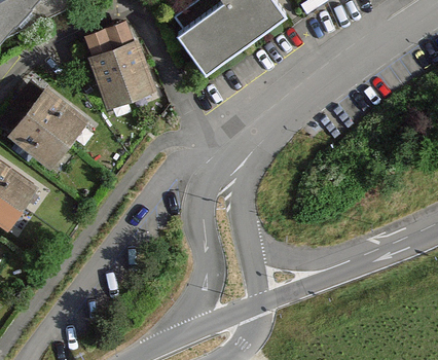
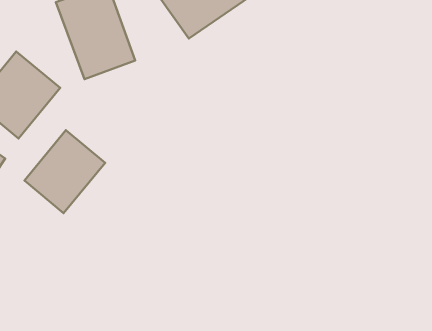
building: none -> [24,130,105,213]

